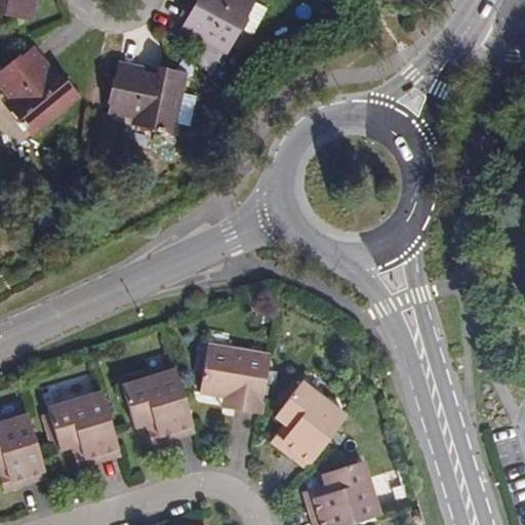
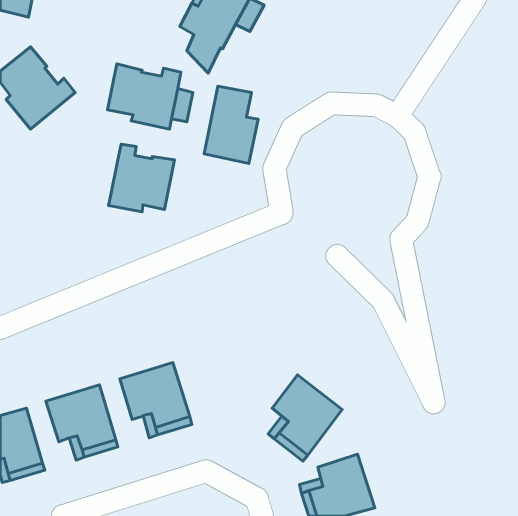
building: none -> [204,86,258,164]
building: none -> [109,144,174,212]
building: [200,344,270,411] -> none

